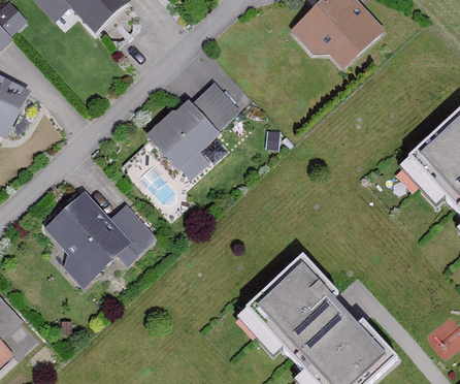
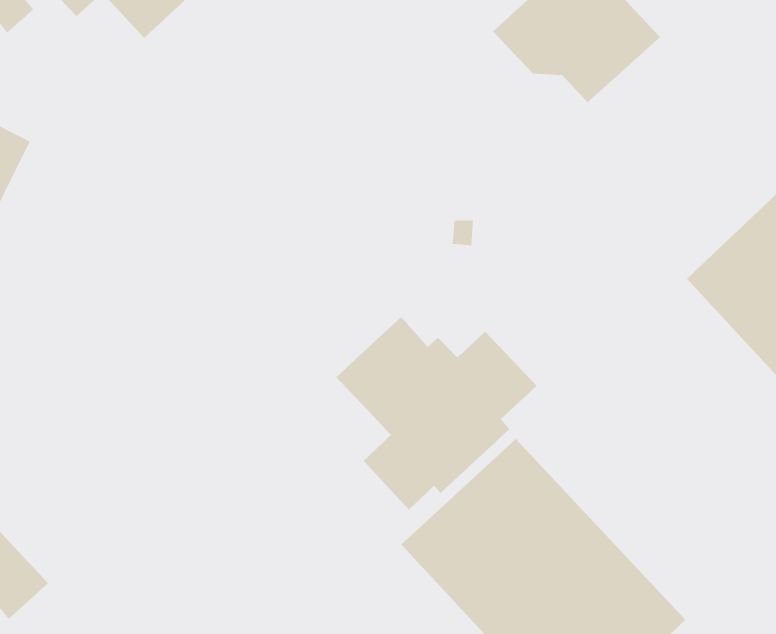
building: [146,83,240,180] -> none
building: none -> [336,316,537,511]
building: [45,191,156,286] -> none

